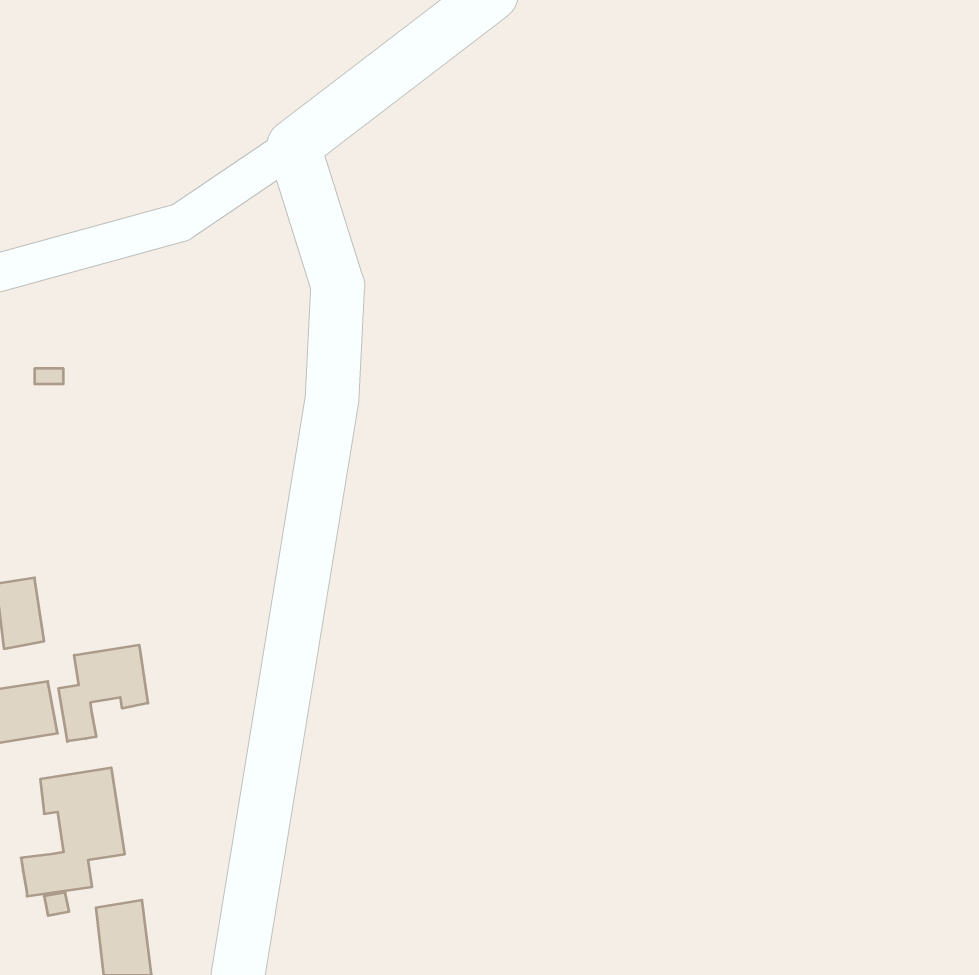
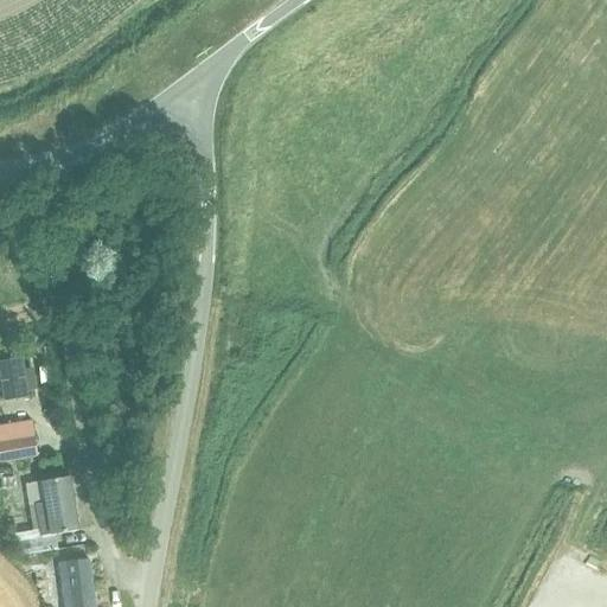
building: [59,645,148,742] -> none

